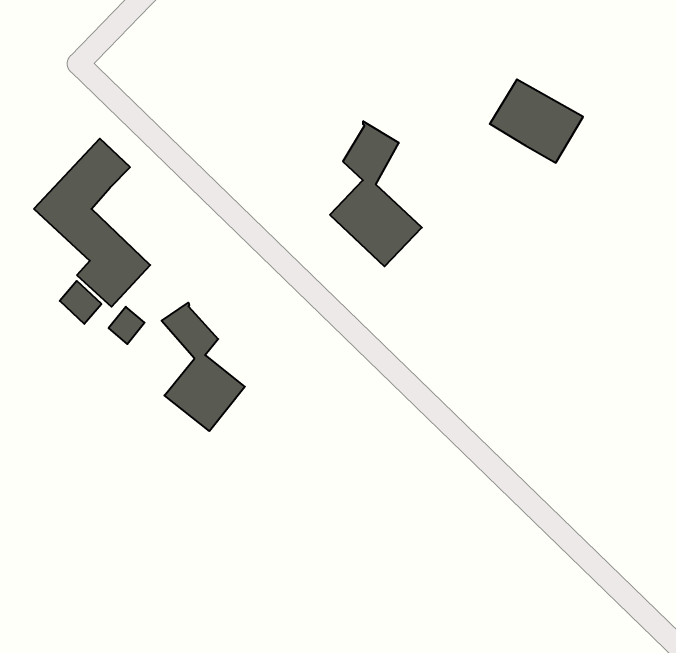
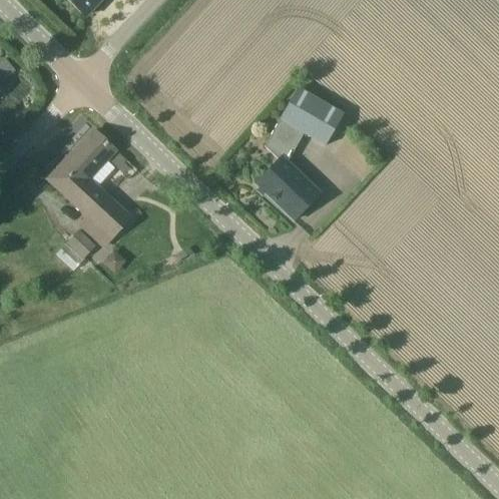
building: [490,79,583,163] -> [279,86,344,144]
building: [162,303,245,431] -> none

